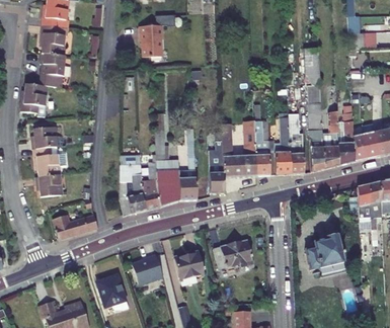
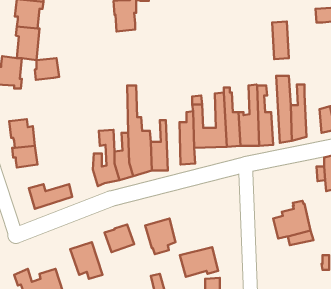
building: [337,112,355,165] -> none
building: [32,127,58,149] -> [35,58,59,80]
building: [213,239,252,269] -> [180,247,218,277]

